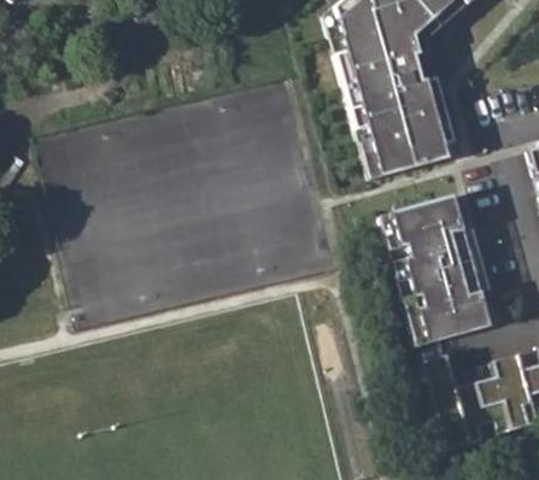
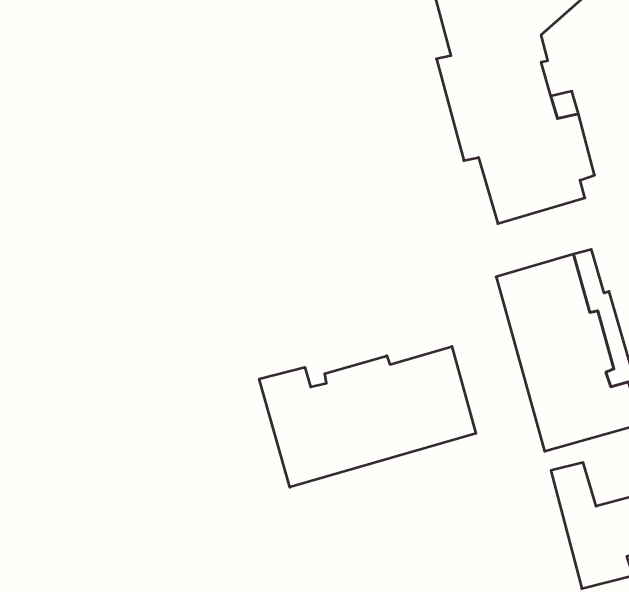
building: none -> [259,346,476,487]

